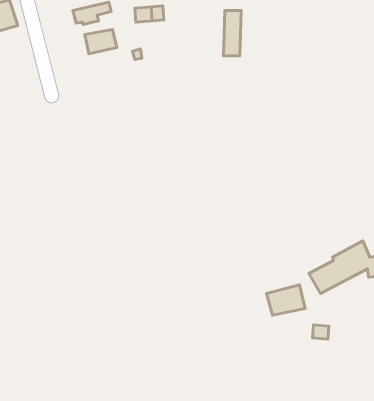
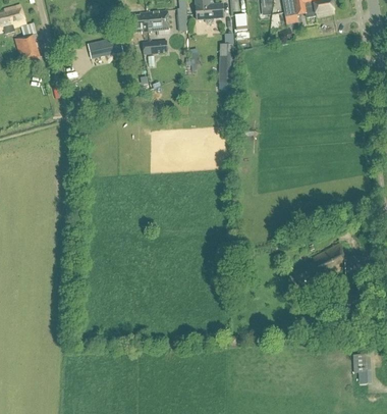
building: [85,29,117,54] -> none
building: [266,285,305,315] -> none

